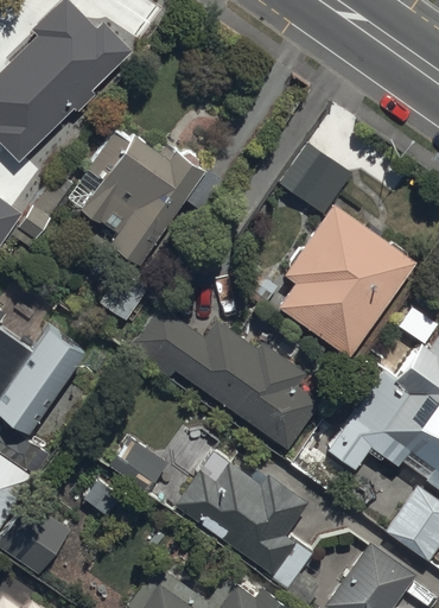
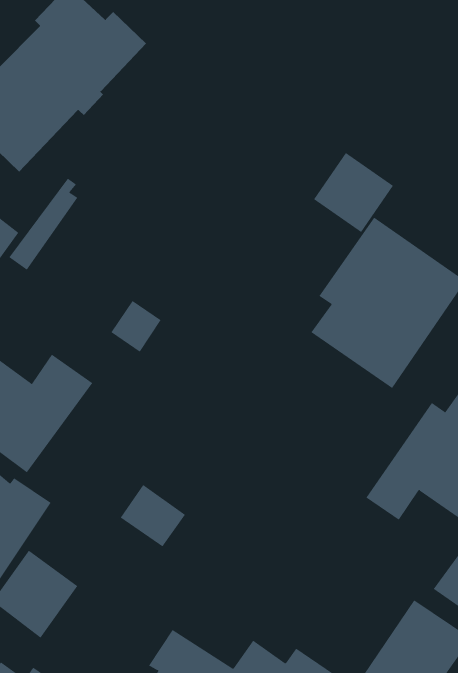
building: [79,128,231,264] -> none
building: [129,309,320,450] -> none
building: [176,452,312,589] -> none

